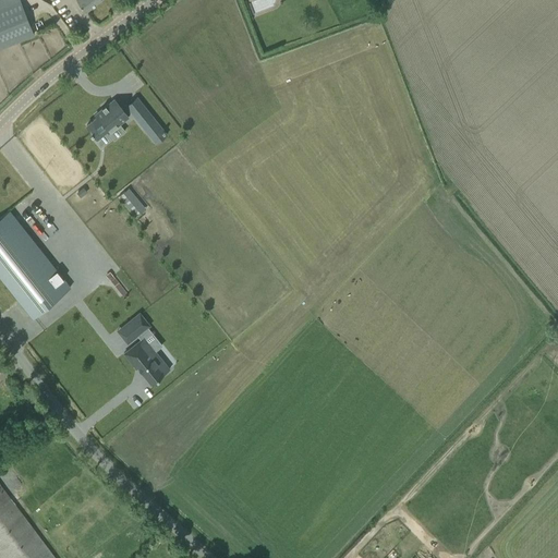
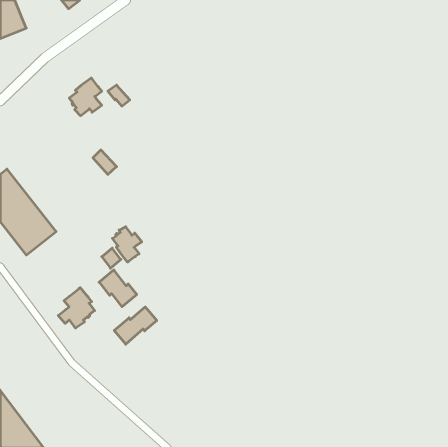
building: none -> [112,227,142,262]
building: none -> [58,288,95,328]
building: none -> [114,307,157,344]

